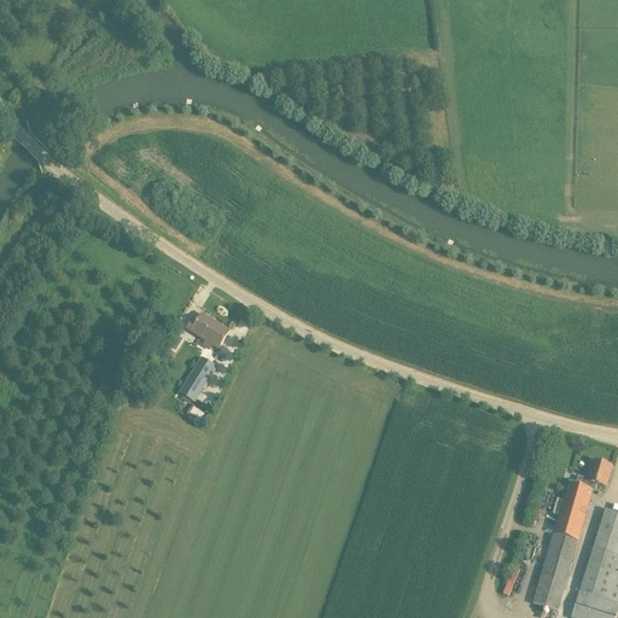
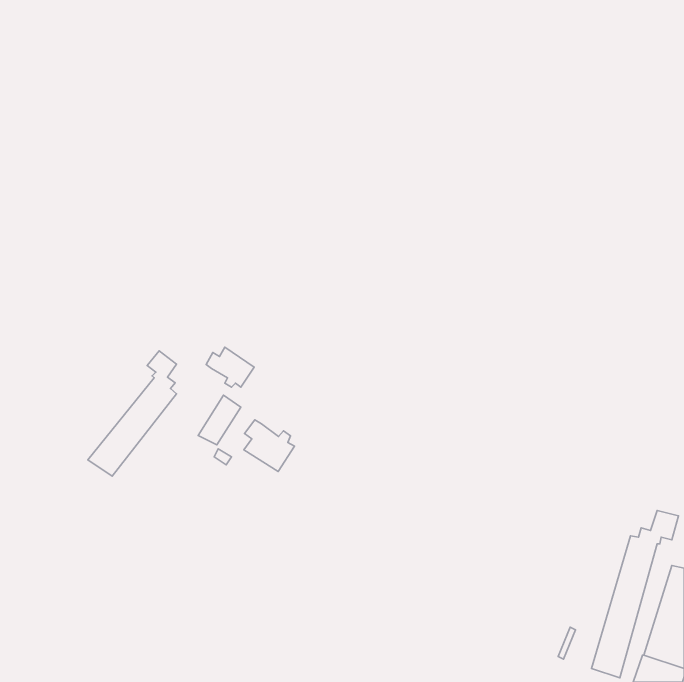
building: none -> [88,351,177,476]
building: none -> [244,420,295,471]

